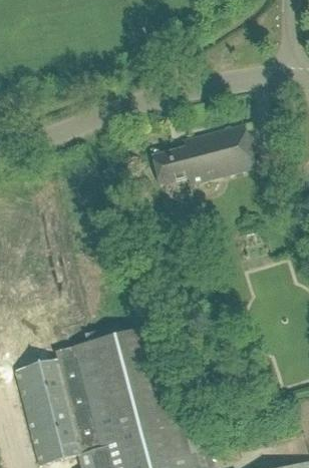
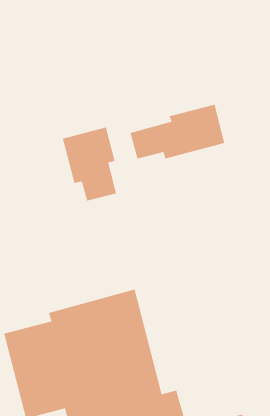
building: none -> [62,127,117,201]

